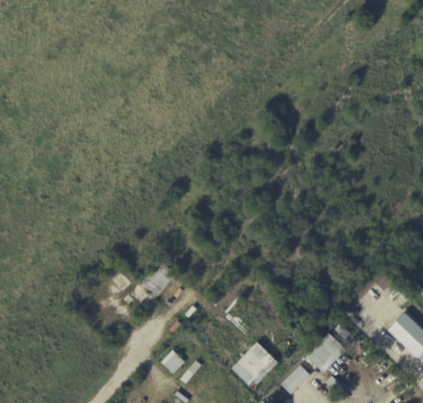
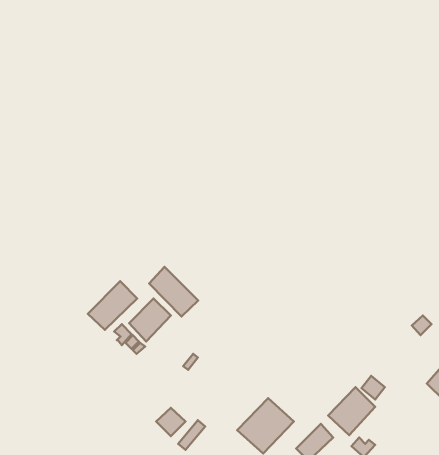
building: none -> [149,267,198,317]
building: none -> [88,281,137,330]

